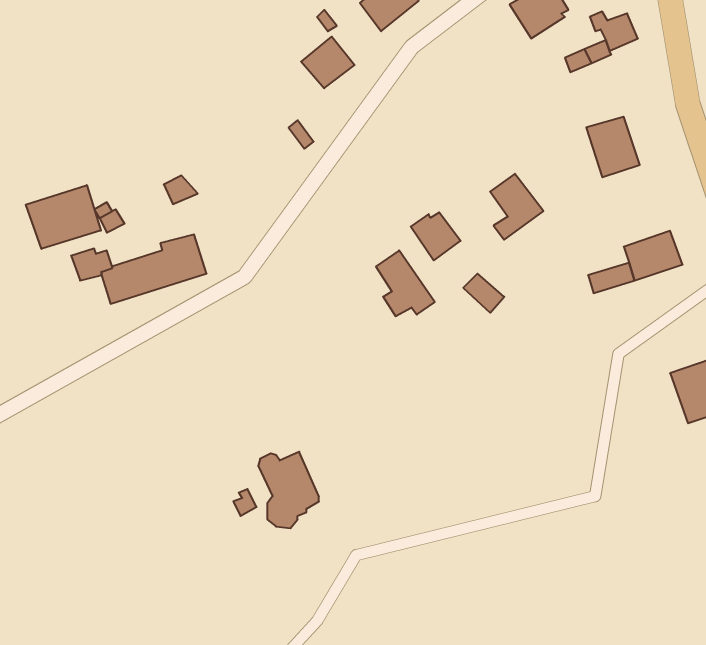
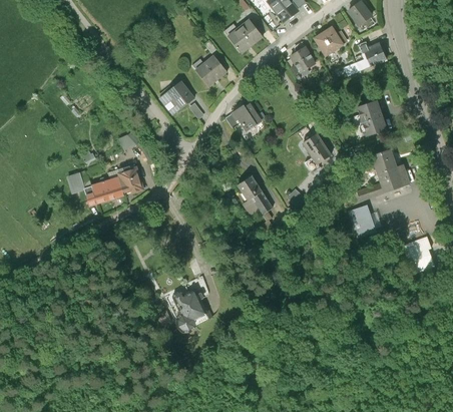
building: none -> [289,45,316,73]
building: none -> [160,82,191,112]
building: [26,185,101,249] -> none
building: none -> [371,149,397,173]
building: [411,212,461,260] -> [233,103,261,130]
building: none -> [346,205,370,238]

